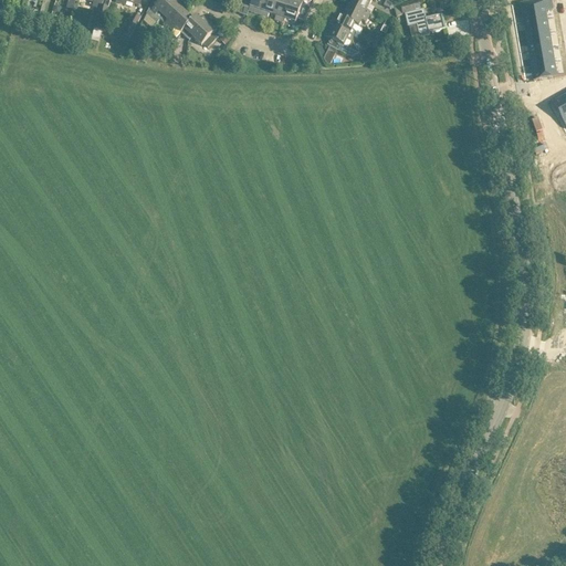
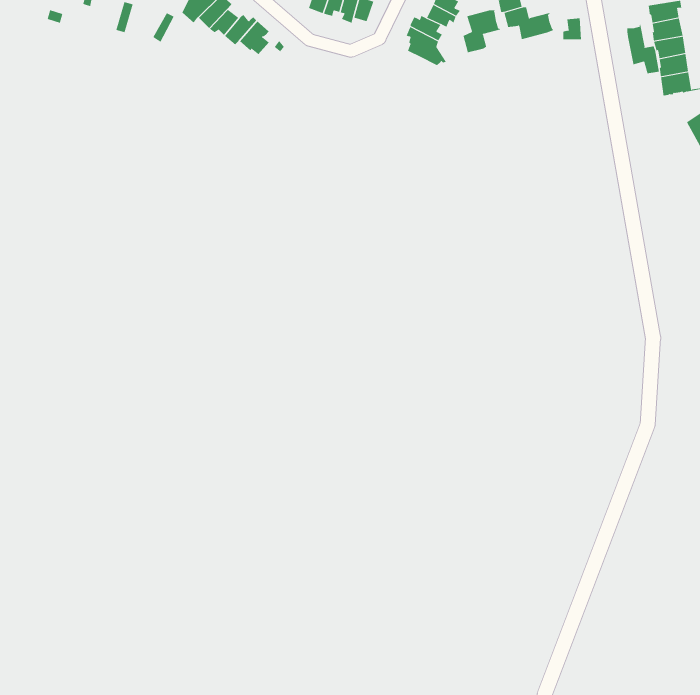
building: none -> [463,9,501,53]
building: none -> [626,24,659,74]

